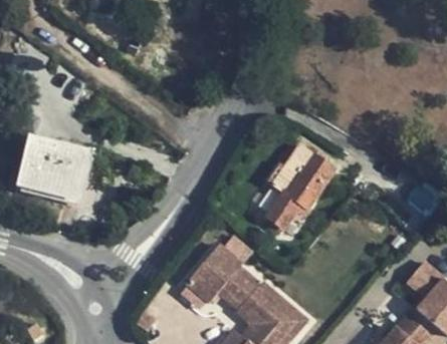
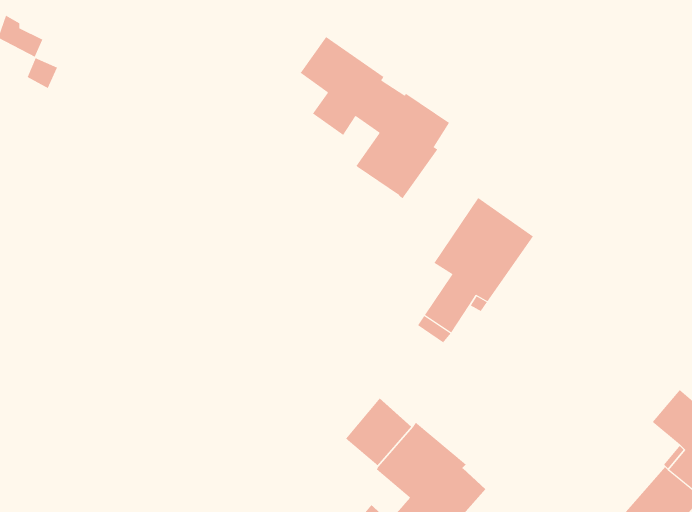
building: none -> [300,36,450,199]
building: [21,136,86,195] -> none
building: [186,247,241,304] -> none

